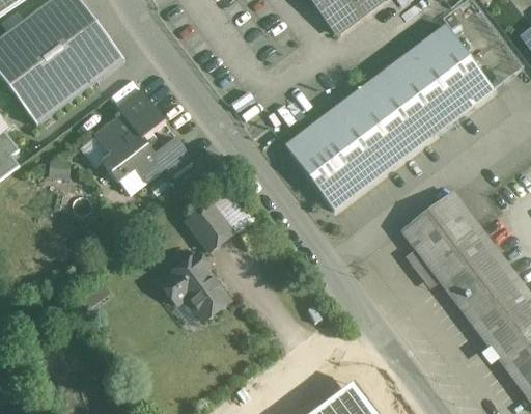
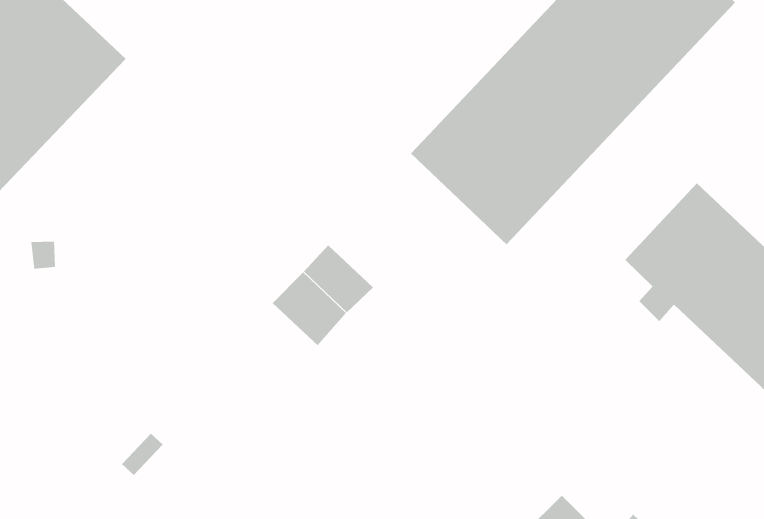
building: [94,88,193,193] -> none
building: [162,253,229,321] -> none

